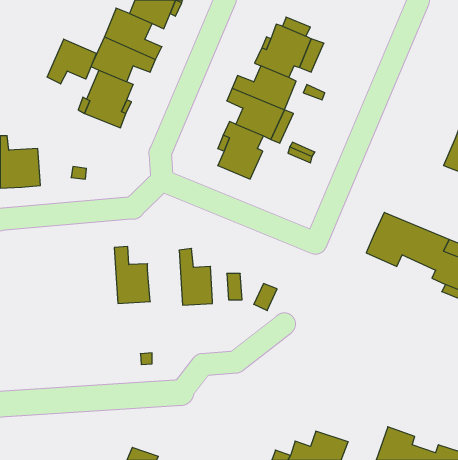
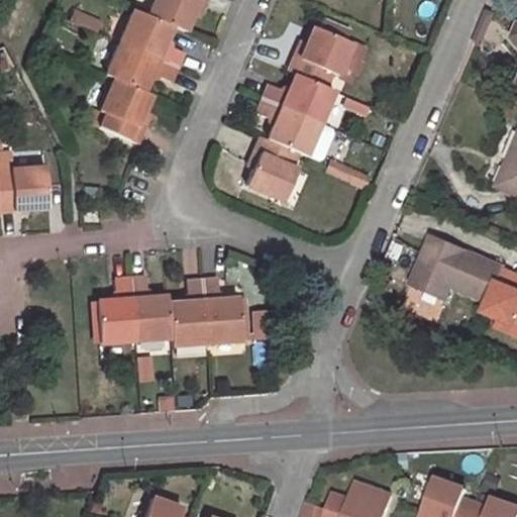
building: [47,39,96,84] -> none
building: none -> [96,278,134,342]
building: none -> [168,281,207,344]

